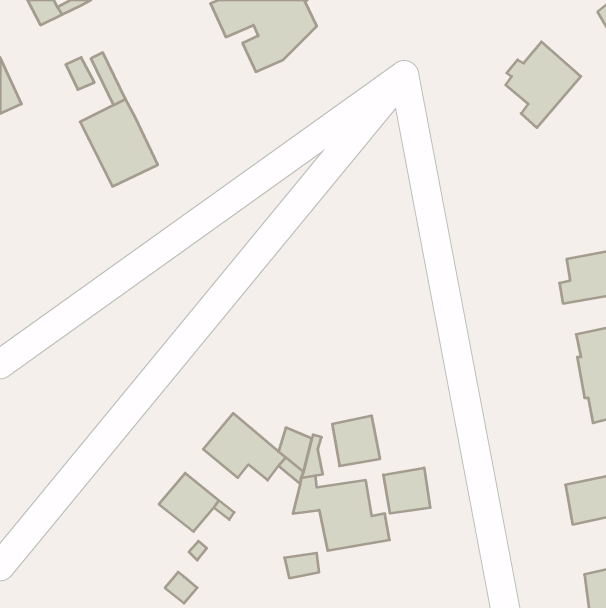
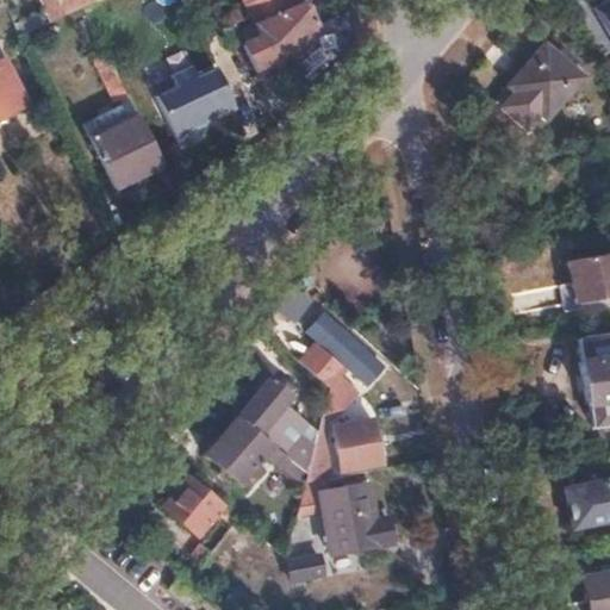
building: none -> [157,66,236,147]
building: none -> [300,313,382,409]
building: none -> [237,375,291,432]
building: [383,468,430,513] -> none

